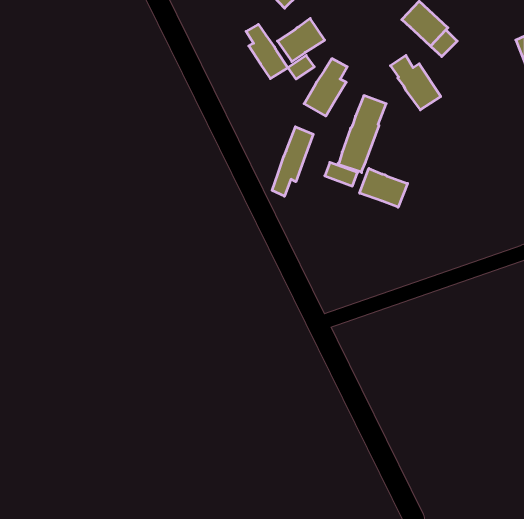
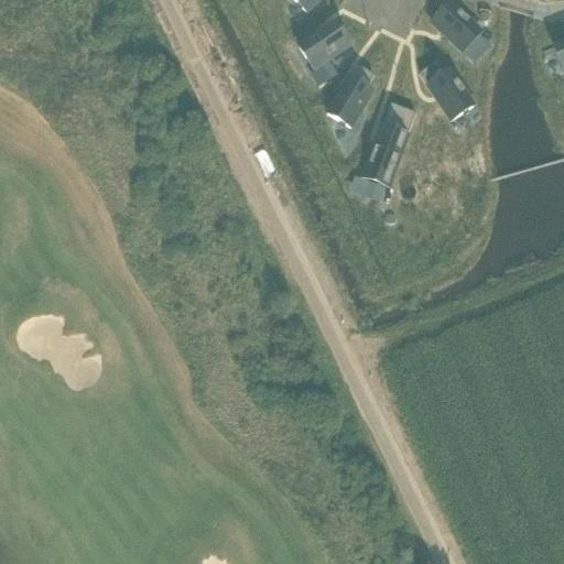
building: [246,24,288,79] -> none
building: [272,127,313,196] -> none
building: [360,168,408,207] -> none

